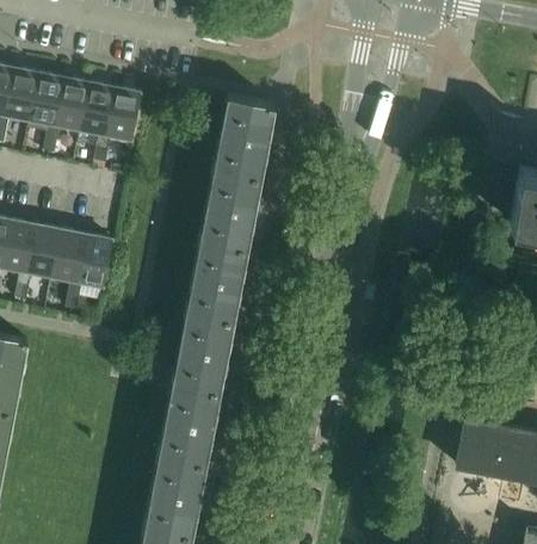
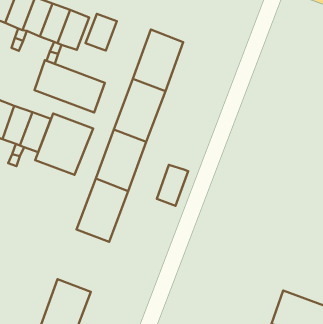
building: none -> [86,14,117,51]
building: none -> [34,60,105,113]
building: none -> [35,113,93,175]
building: none -> [157,165,188,206]
building: [159,383,220,464] -> none

